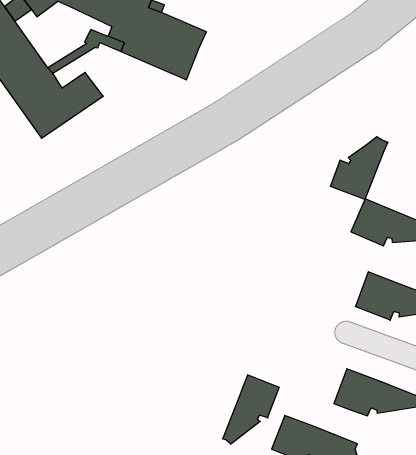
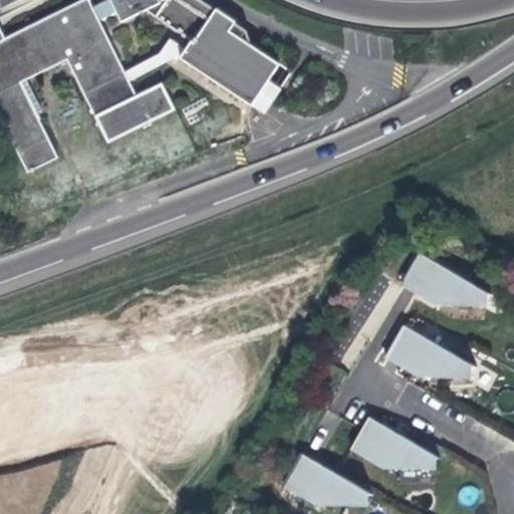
building: [331,137,388,199] -> none
building: [223,375,279,444] -> none

